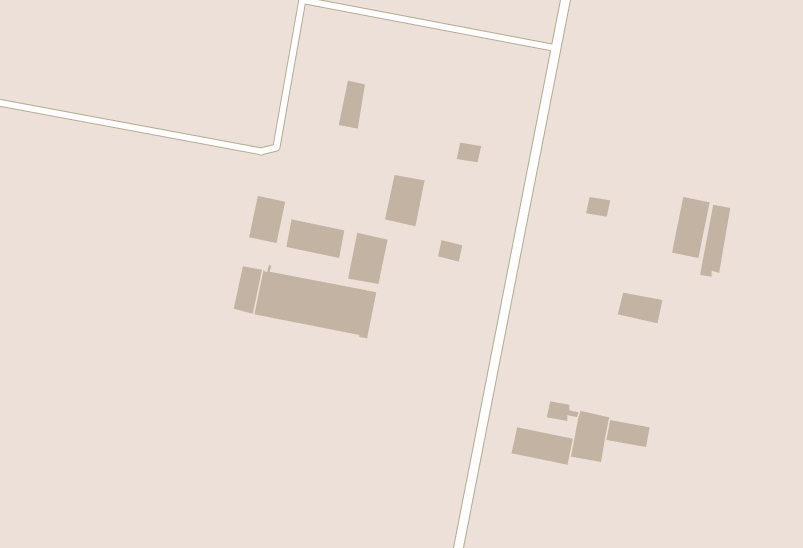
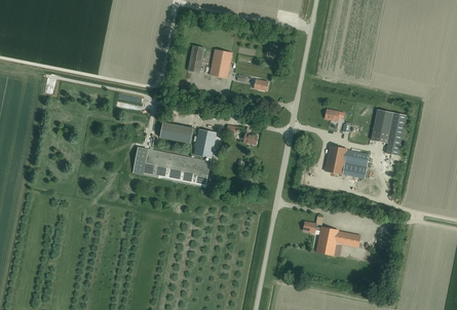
building: [384,174,426,227] -> [210,49,232,78]
building: [249,195,286,244] -> none
building: none -> [325,145,369,173]
building: [511,426,574,466] -> none

